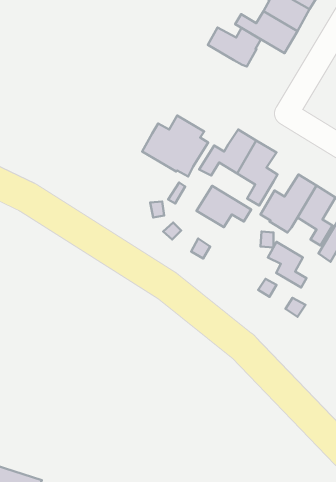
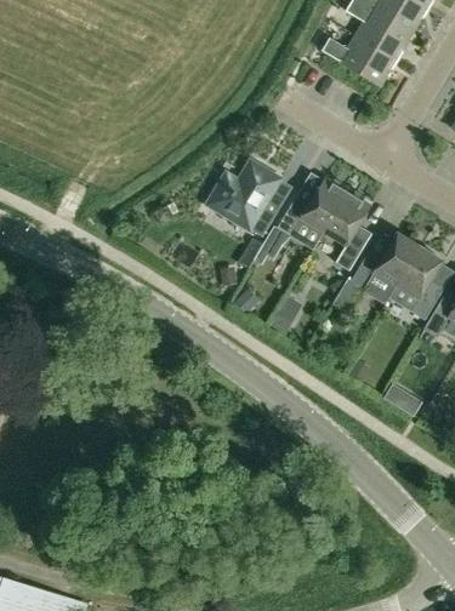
building: [208,28,261,67] -> none
building: [196,186,251,227] -> none
building: [268,242,306,287] -> none

